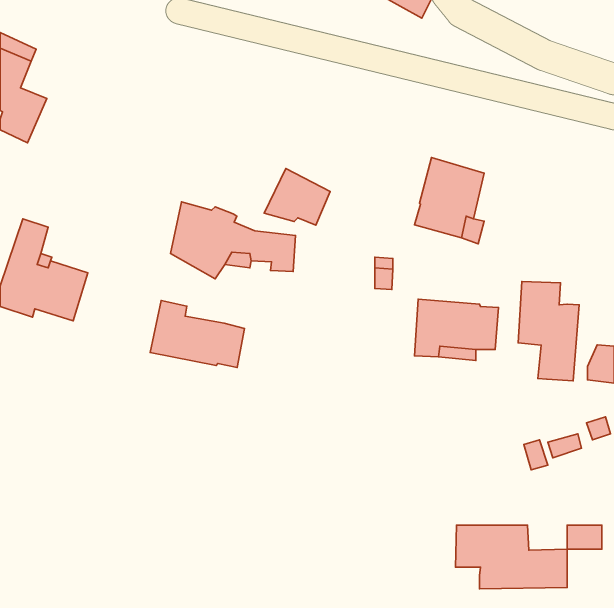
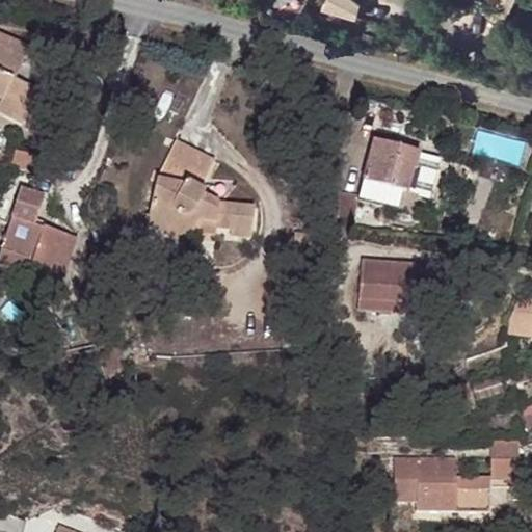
building: [264,169,330,225] -> [157,136,214,185]
building: [518,281,579,381] -> none
building: [150,300,244,368] -> none

